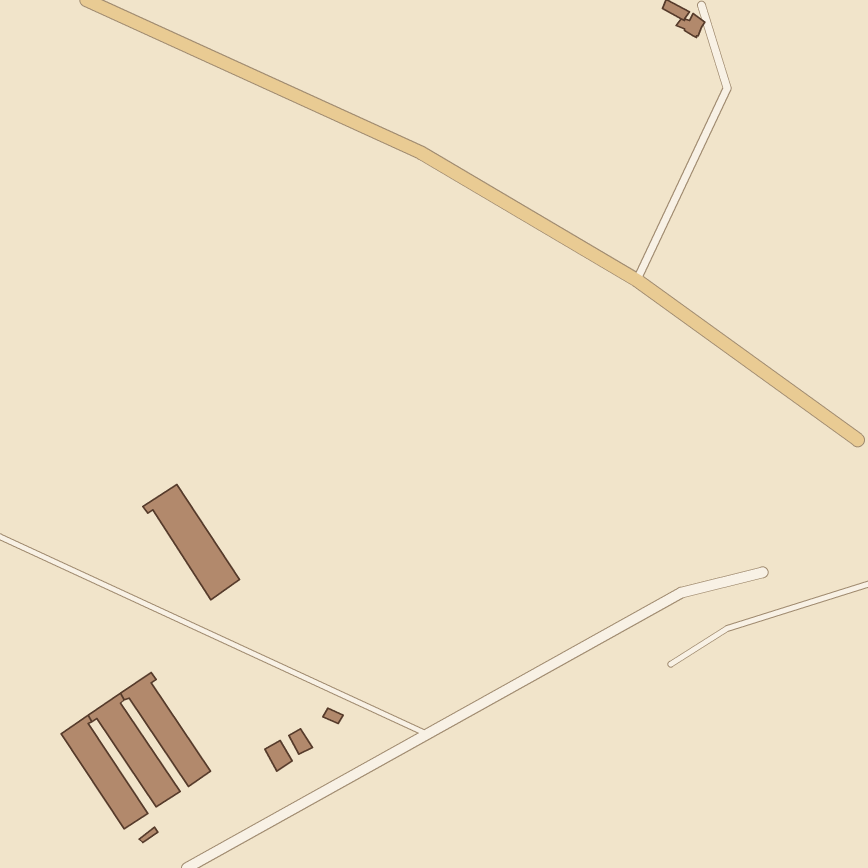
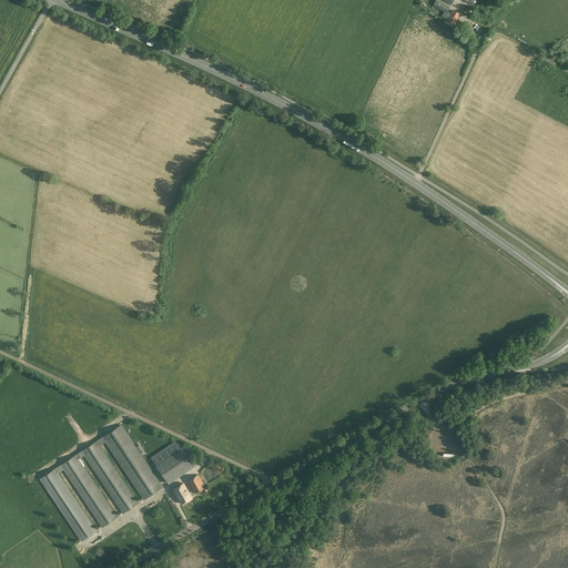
building: [143,484,240,600] -> [99,425,162,500]
building: none -> [151,442,195,483]

